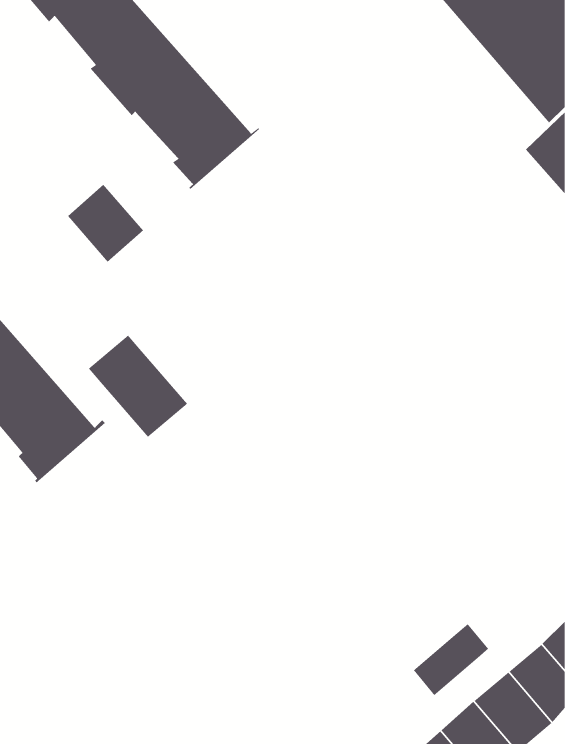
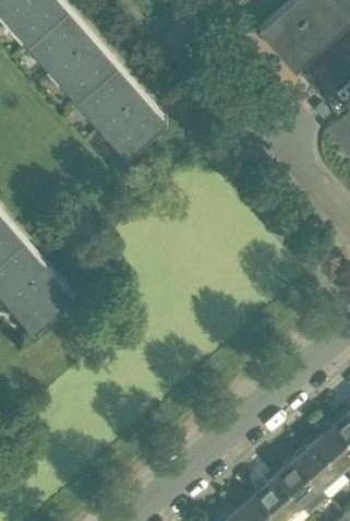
building: [67,184,144,263] -> none
building: [88,335,188,438] -> none
building: [413,623,489,696] -> none

